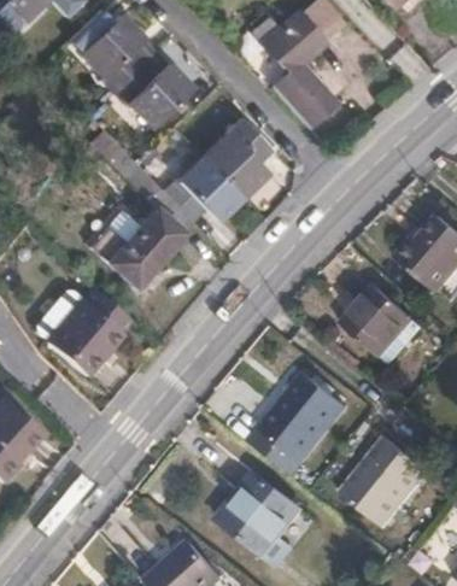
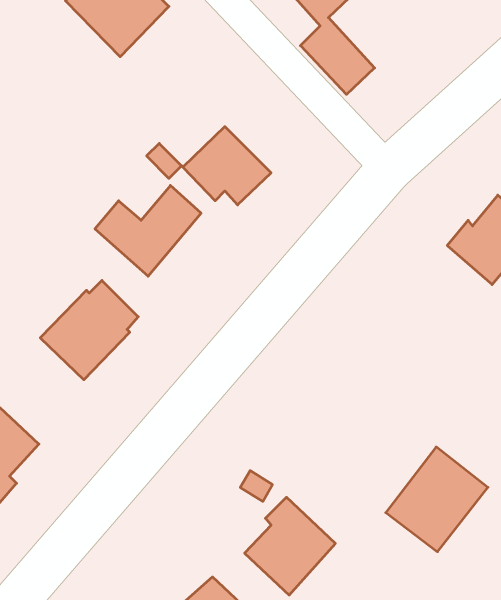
building: [113,52,187,131] -> none
building: [204,122,266,195] -> none
building: [347,283,414,352] -> none
building: [251,369,348,473] -> none

